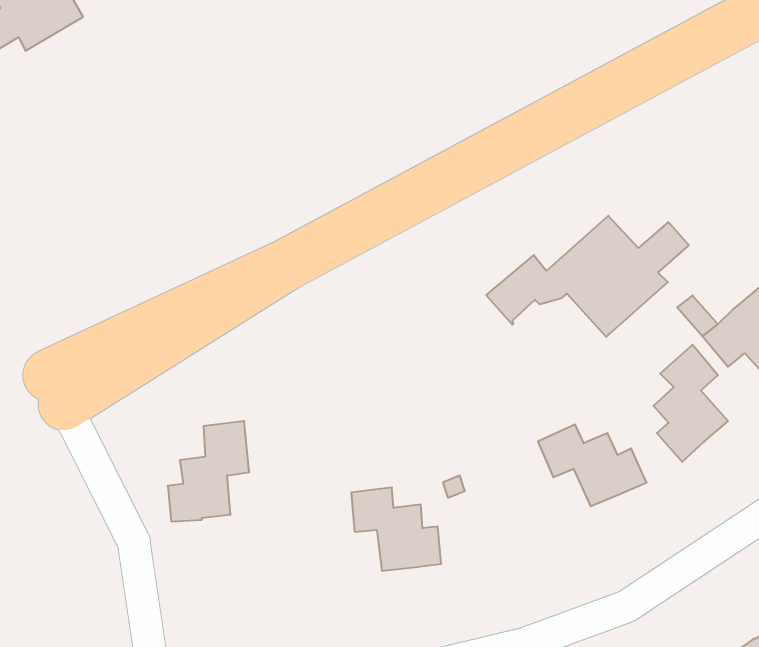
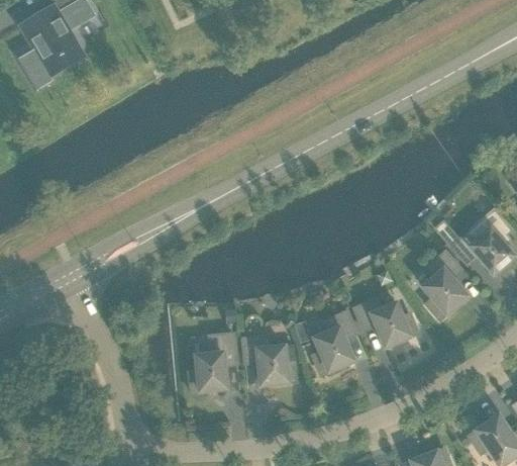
building: [486,216,689,337] -> none
building: [168,421,249,521] -> [188,333,236,392]
building: none -> [311,311,355,375]

